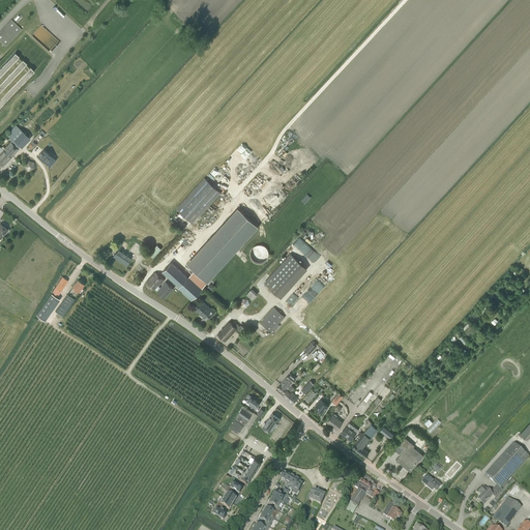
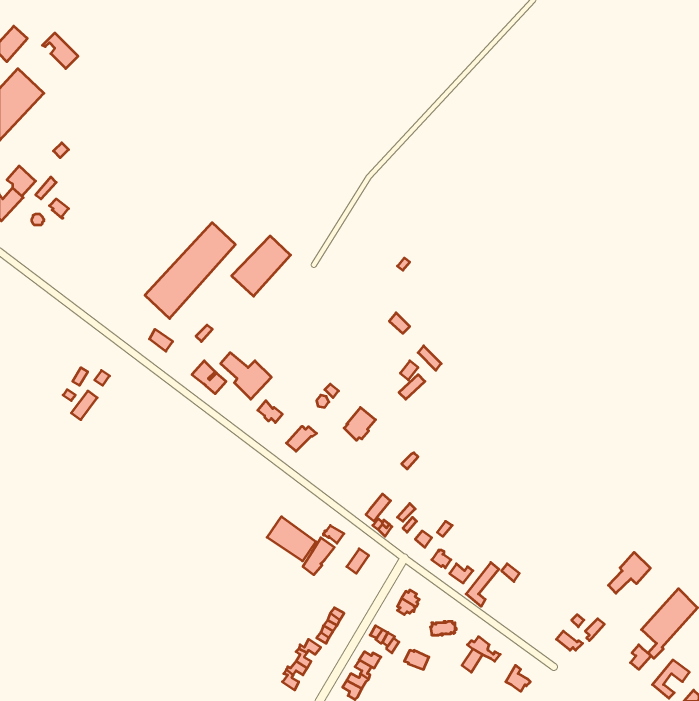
building: [188,210,257,283] -> [145,223,235,319]
building: [264,255,305,297] -> none
building: none -> [267,517,316,561]
building: none -> [608,552,650,593]
building: [394,438,422,471] -> none

